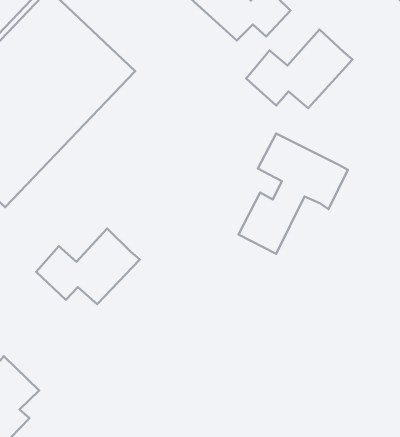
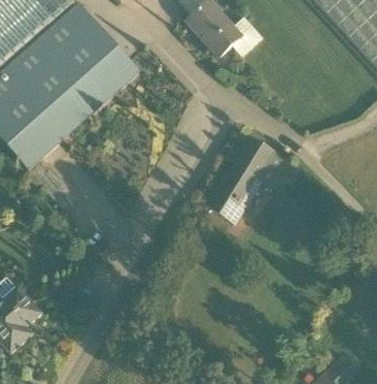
building: [246,29,352,108] -> none
building: [36,229,140,304] -> none

